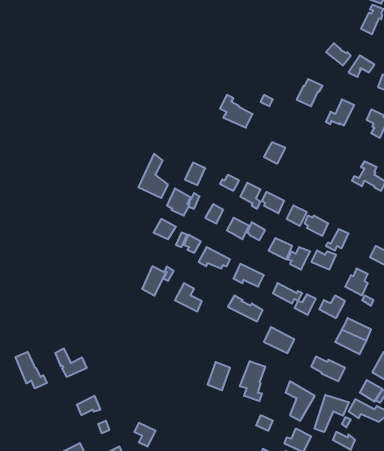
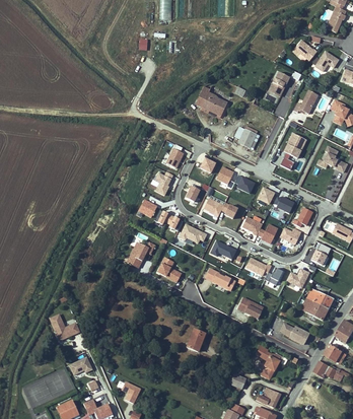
building: none -> [280,133,306,170]
building: [138,154,168,198] -> none
building: [16,352,47,388] -> none
building: [240,361,265,401] -> none
building: [315,395,349,432] -> none

